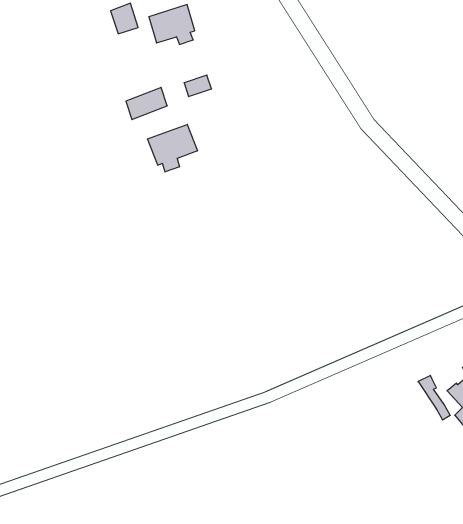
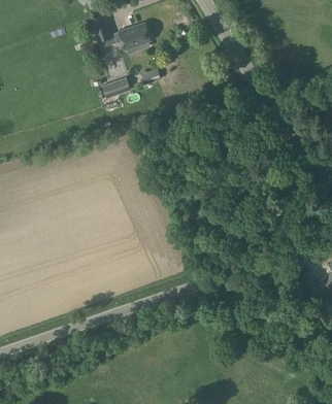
building: [148,124,197,172] -> none

